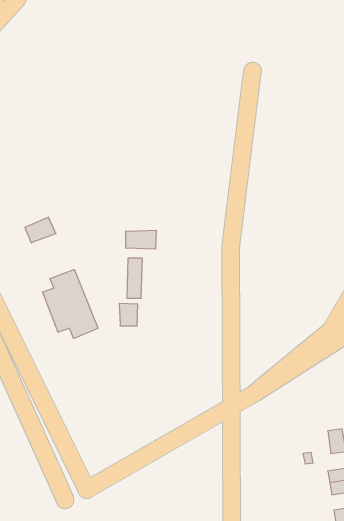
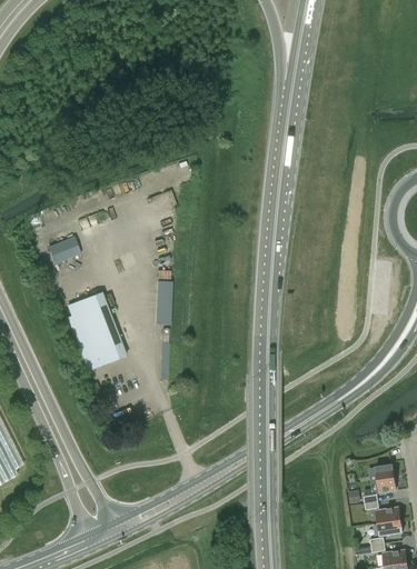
building: [126,230,156,249] -> none
building: [120,303,137,326] -> none

